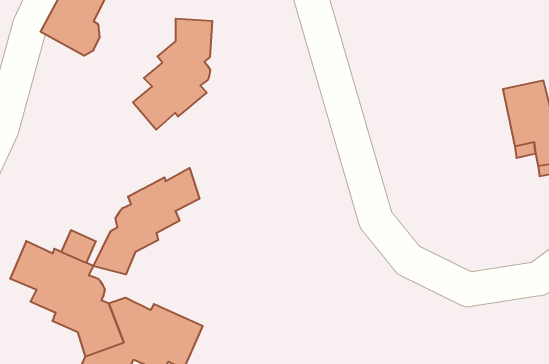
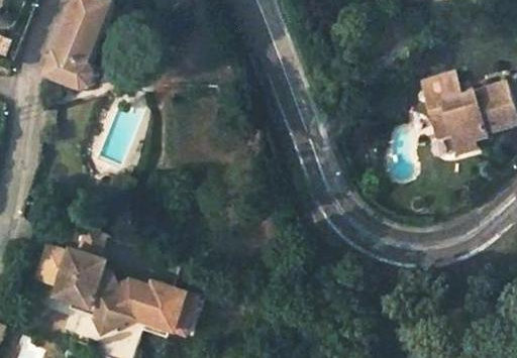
building: [133,19,212,130] -> none
building: [94,168,200,274] -> none

